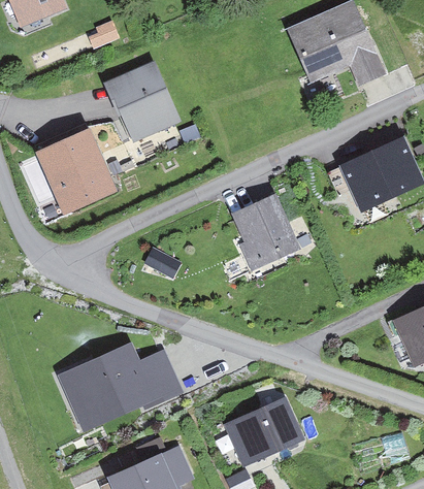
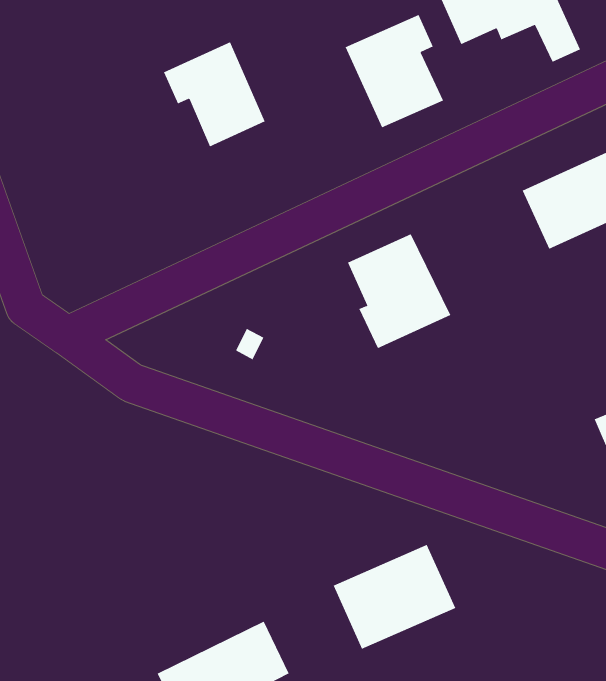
building: none -> [345,14,444,128]
building: [47,140,109,205] -> none
building: [56,341,183,435] -> none

